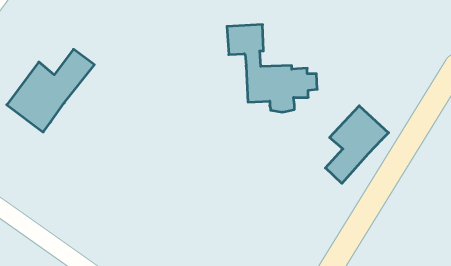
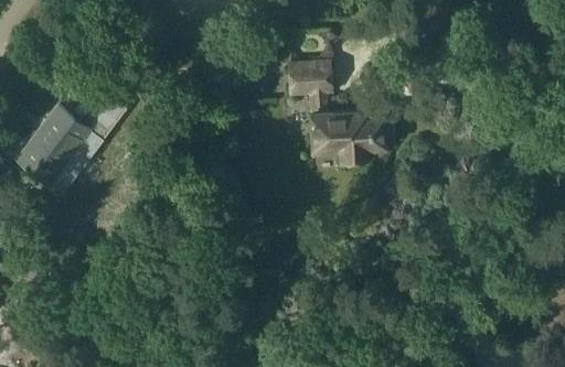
building: [325,106,389,183] -> none

